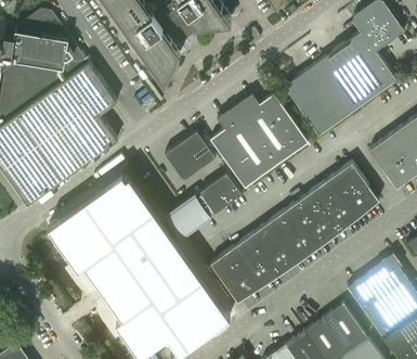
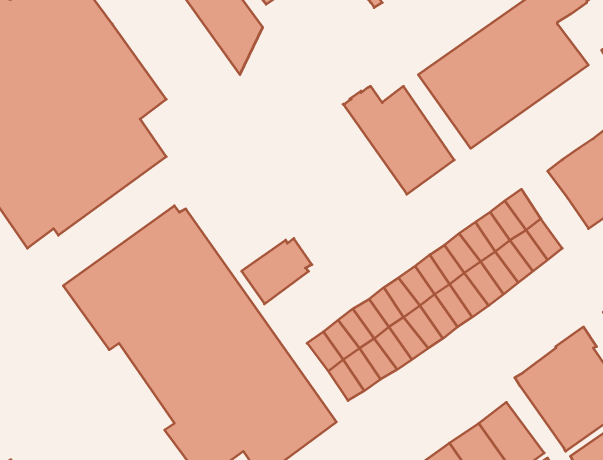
building: [210,106,276,189] -> none
building: [165,132,216,181] -> none
building: [199,174,242,215] -> none

